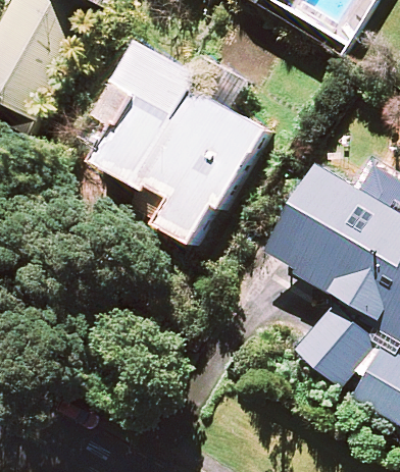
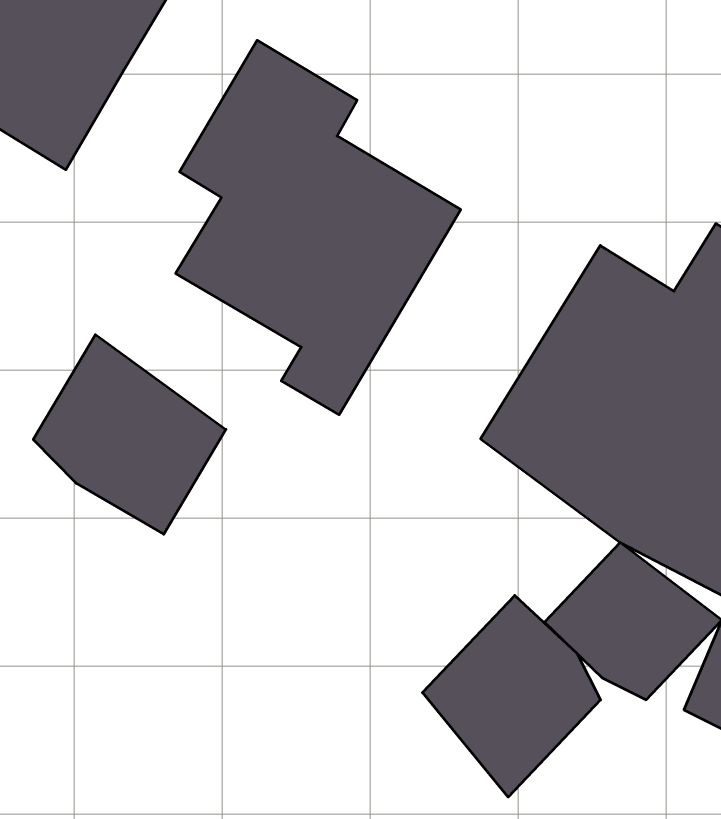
building: none -> [33,335,226,534]
building: none -> [422,595,601,797]

